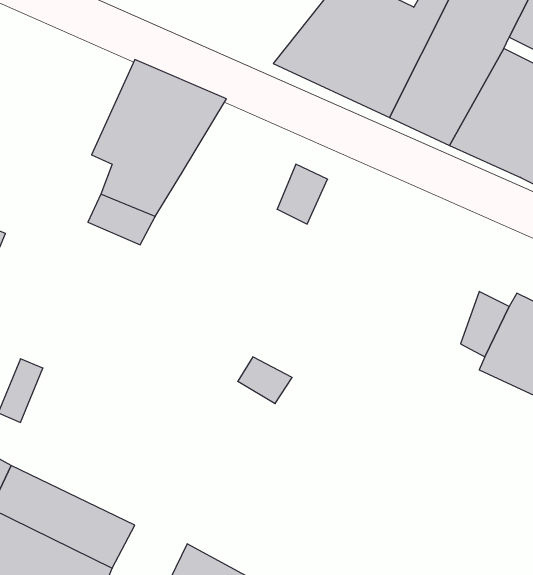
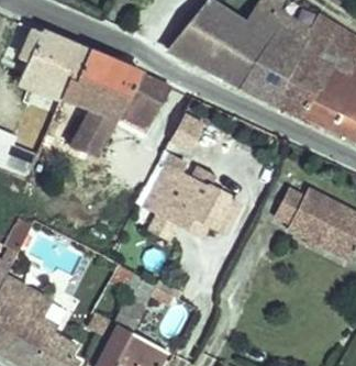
building: none -> [22,24,87,104]
building: none -> [114,69,169,129]
building: none -> [146,165,241,231]

